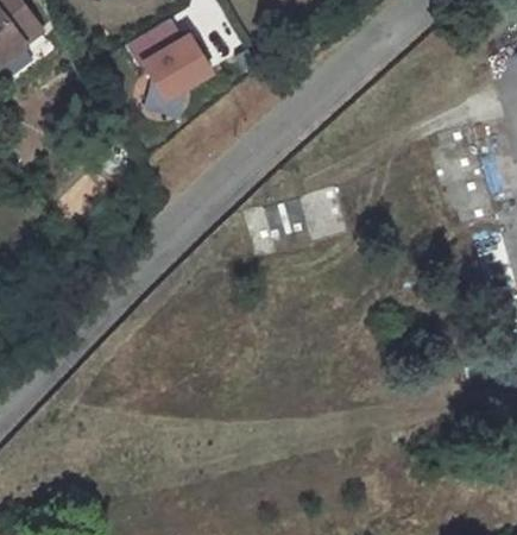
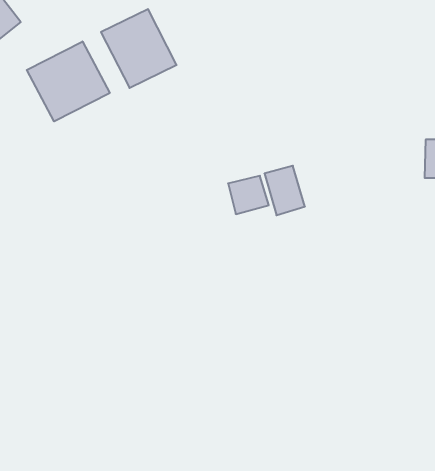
building: none -> [27,41,110,121]

